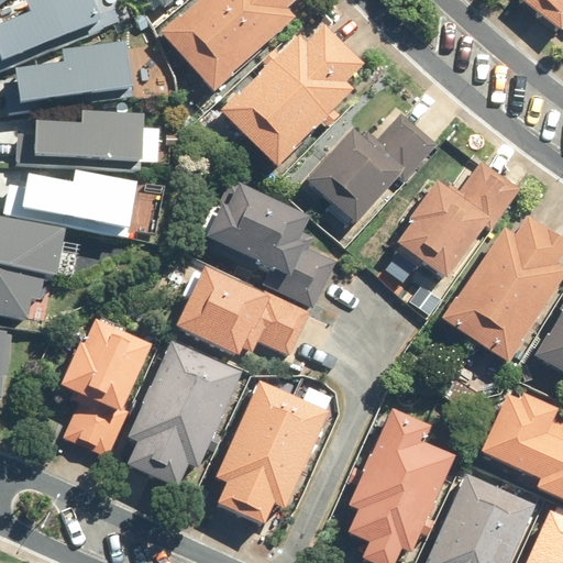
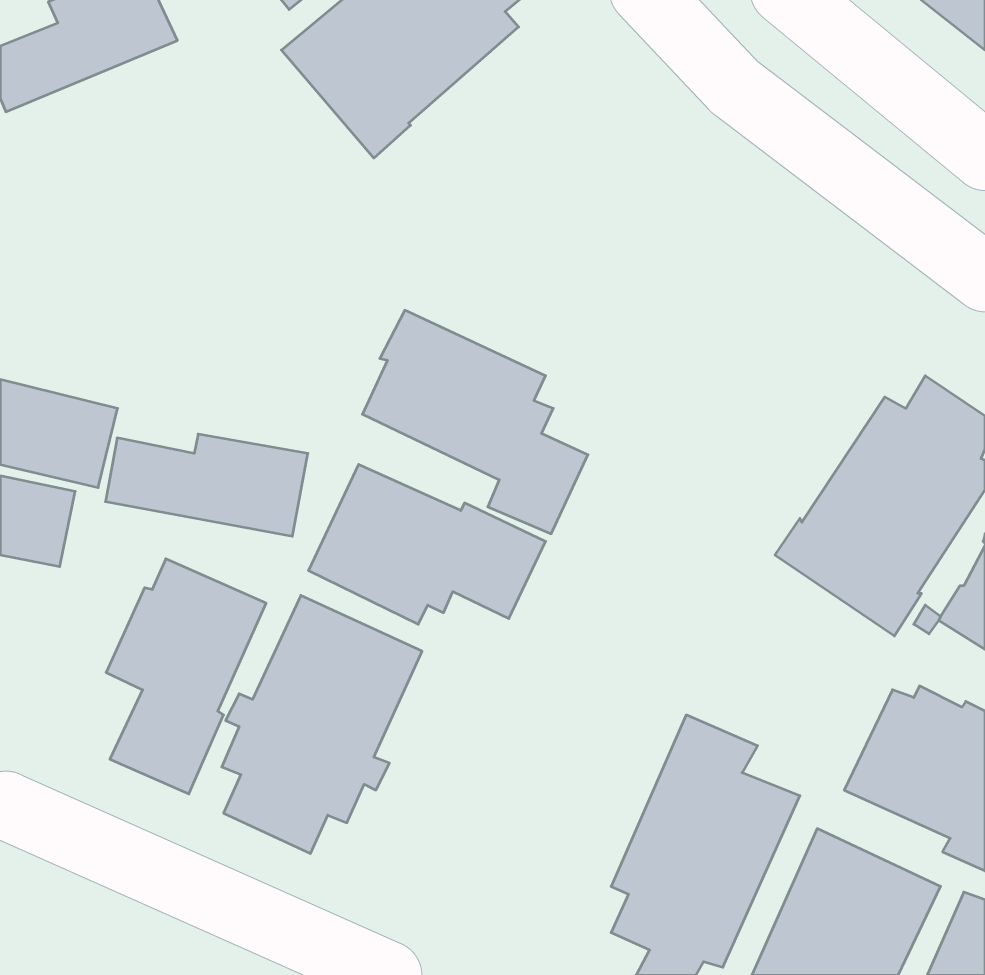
building: [221,24,365,167] -> none
building: [18,45,132,104] -> none
building: [306,107,440,223] -> none
building: [37,111,146,165] -> none
building: [397,157,521,278] -> none
building: [22,173,137,231] -> [105,434,308,536]
building: [216,379,329,523] -> none

